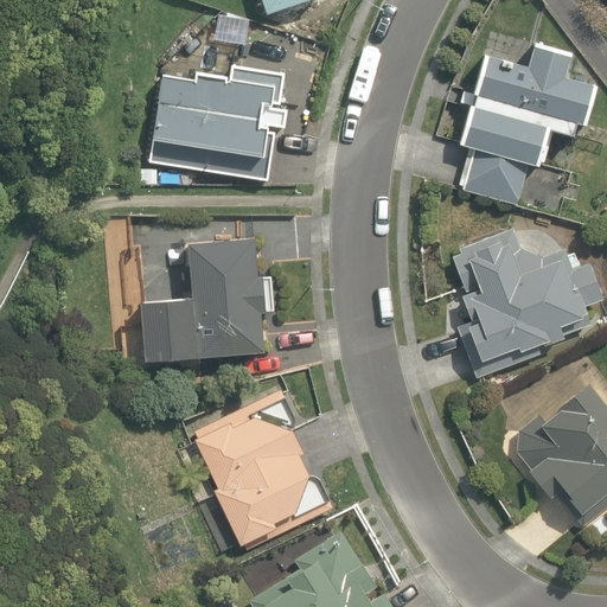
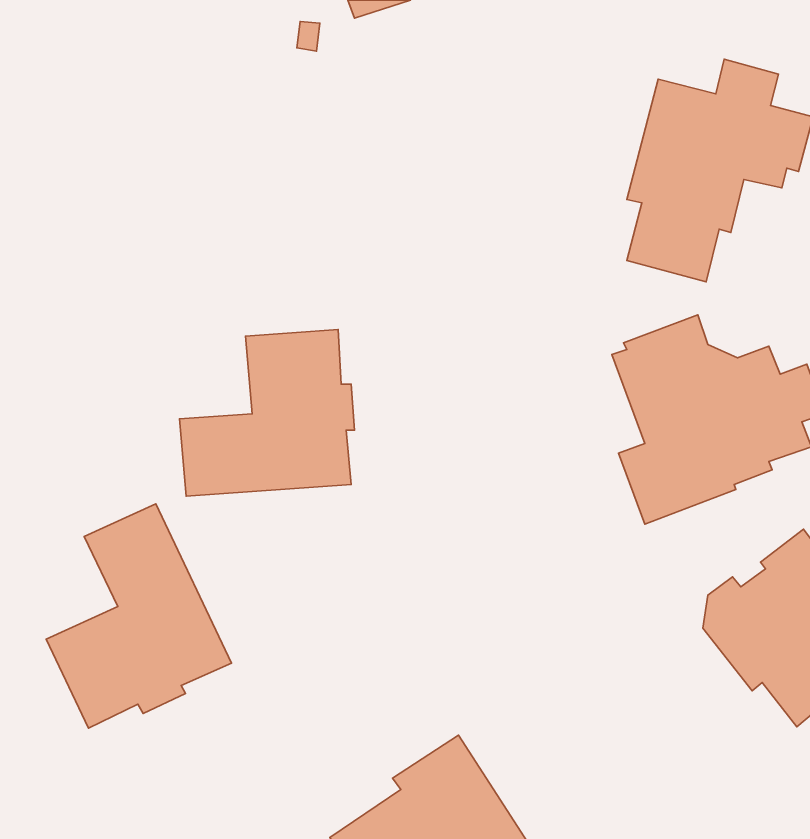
building: [151,66,282,181] -> none
building: none -> [46,504,232,728]
building: [190,383,328,545] -> none

